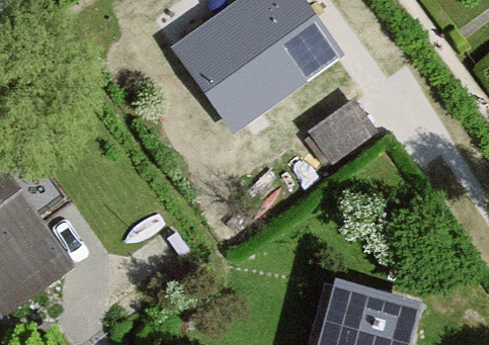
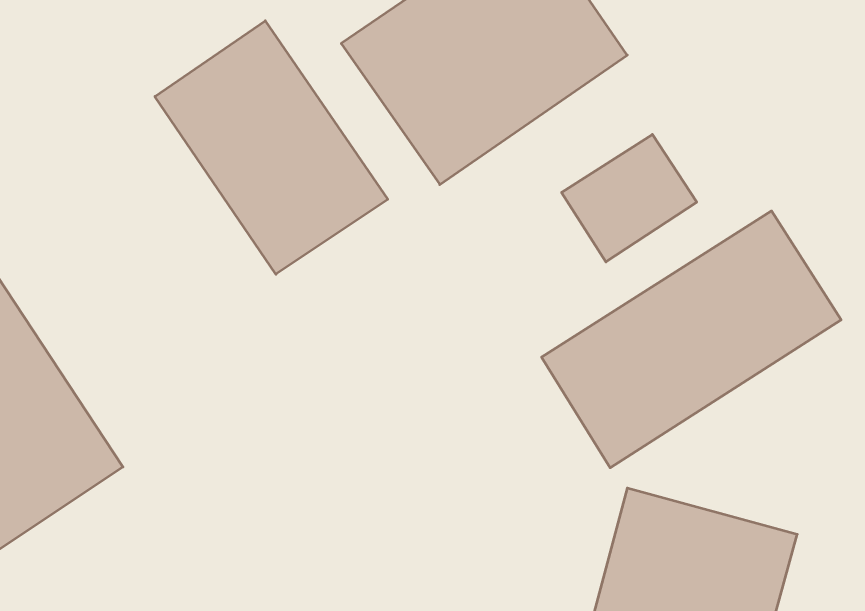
building: none -> [155,21,388,274]
building: none -> [542,211,841,468]

